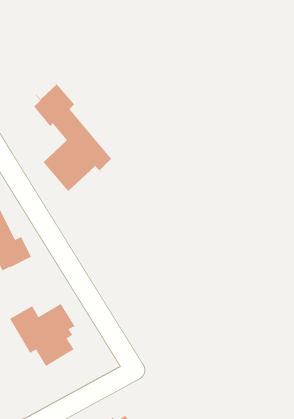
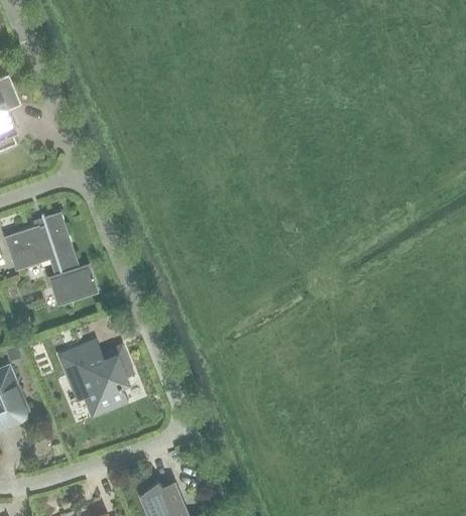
building: [33,83,112,192] -> none

